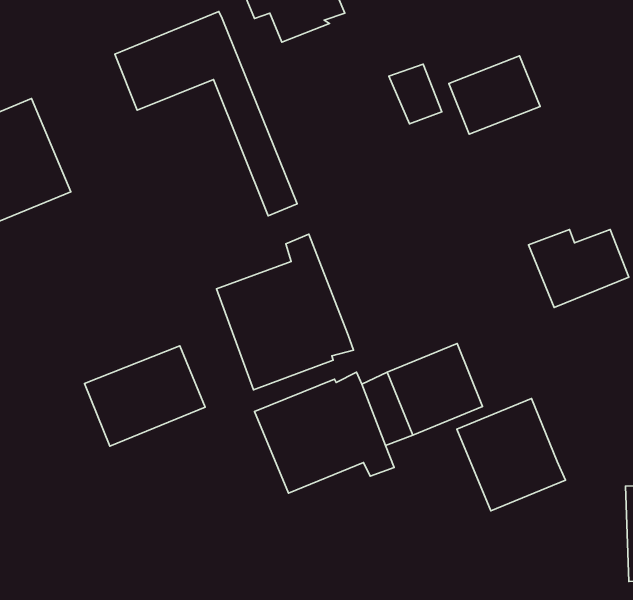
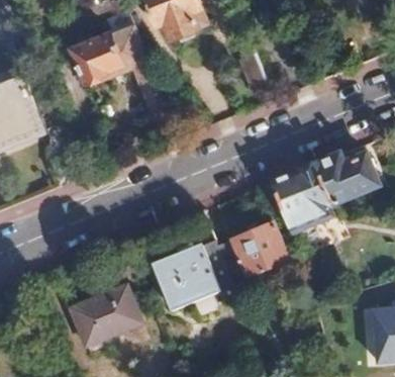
building: [449,56,540,134] -> none
building: [216,234,354,390] -> none
building: [84,346,205,446] -> [70,285,141,345]
building: [457,398,566,511] -> [271,163,335,229]

